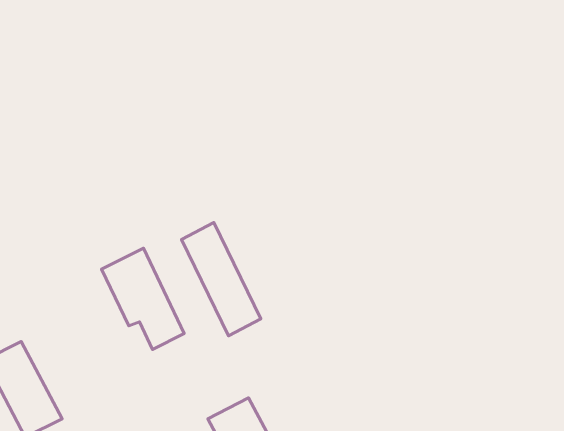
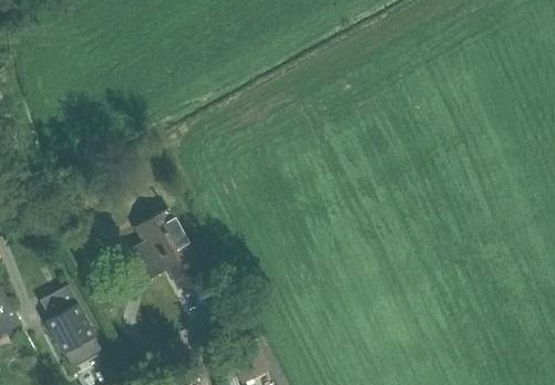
building: [182,223,261,336] -> none

